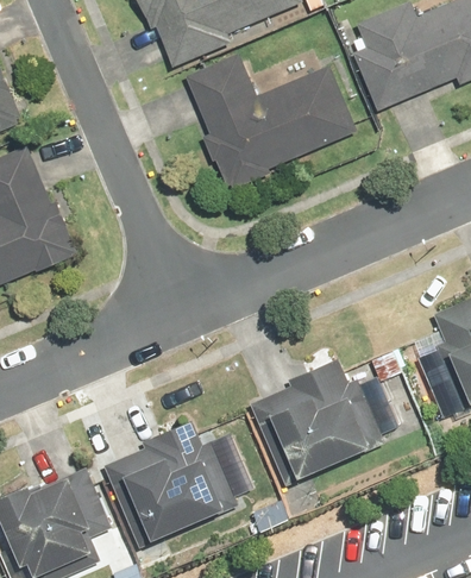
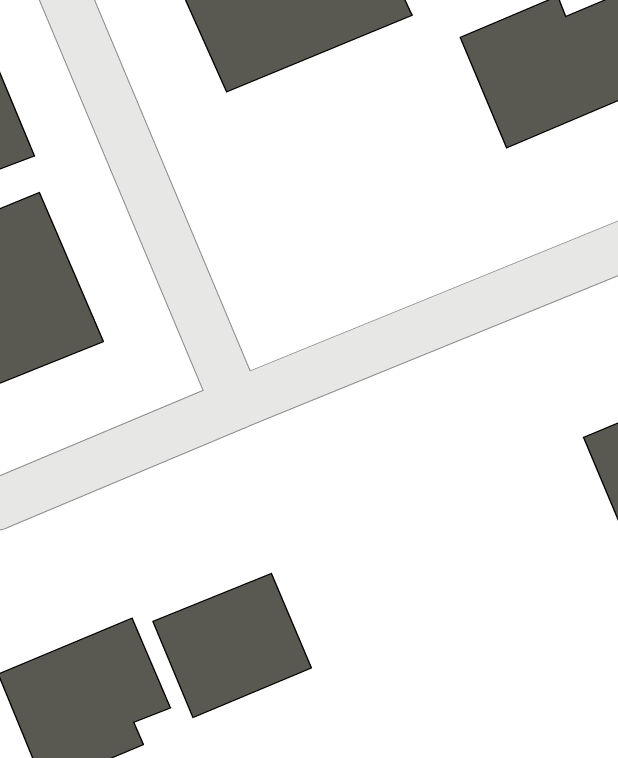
building: [176,49,366,195] -> none
building: [241,366,381,483] -> none

